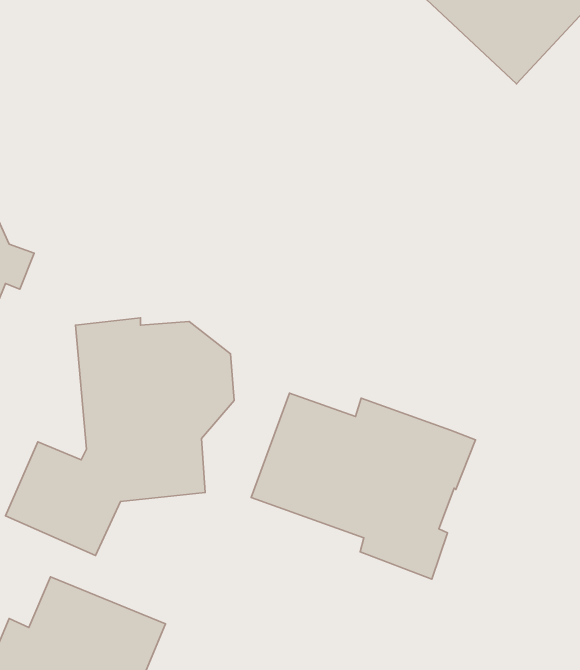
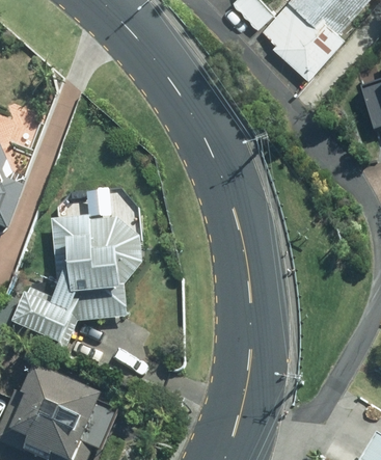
building: [251,393,476,579] -> none

